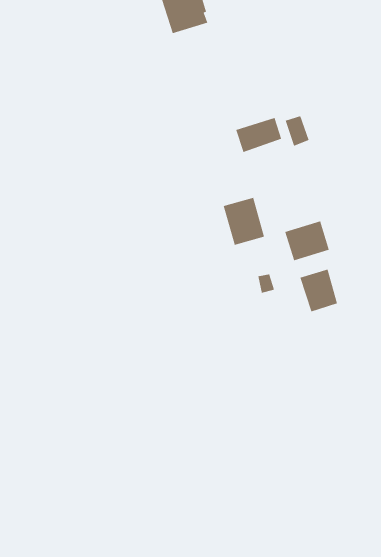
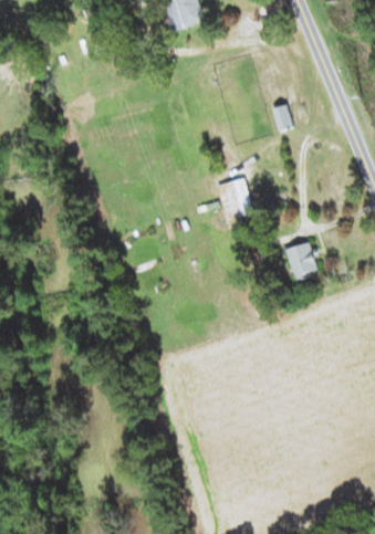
building: [236,117,282,153] -> none
building: [285,221,329,261] -> none

